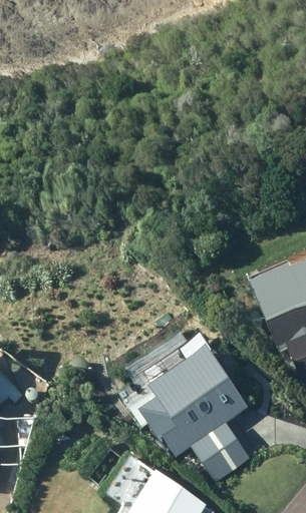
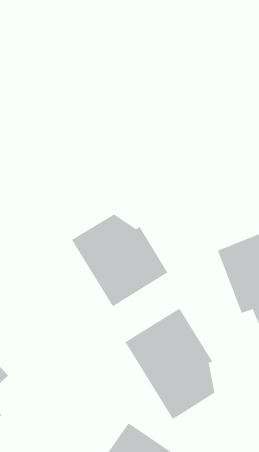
building: none -> [71,213,168,307]

